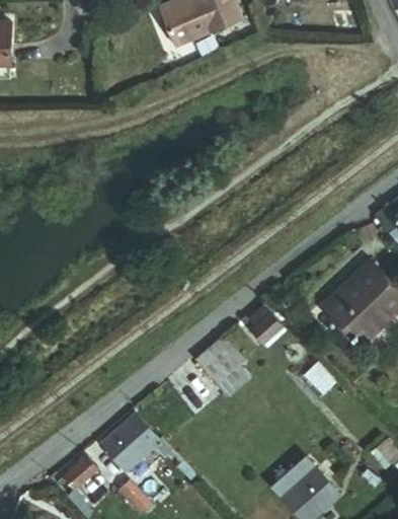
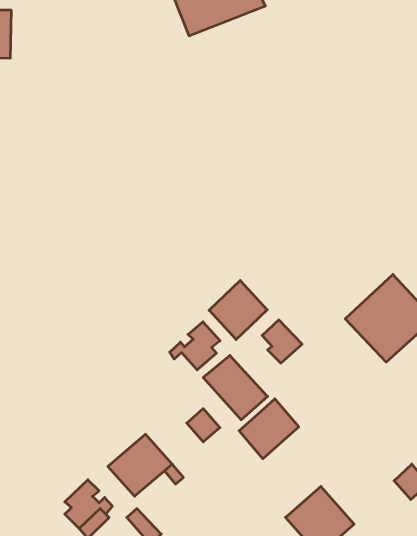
building: none -> [209,280,267,340]
building: none -> [170,322,220,370]
building: none -> [239,399,299,459]

